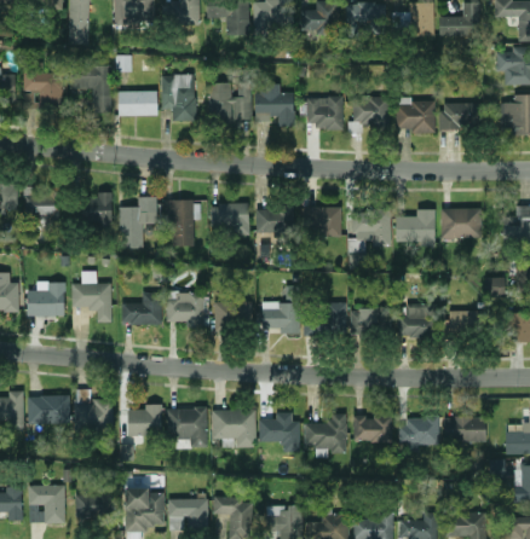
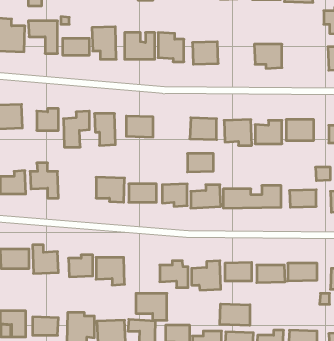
building: [351,97,390,129] -> none
building: [439,103,479,131] -> none
building: [255,208,293,234] -> [187,154,213,172]
building: [120,292,161,326] -> none
building: [211,410,255,448] -> [136,293,167,320]
building: none -> [220,304,250,325]

